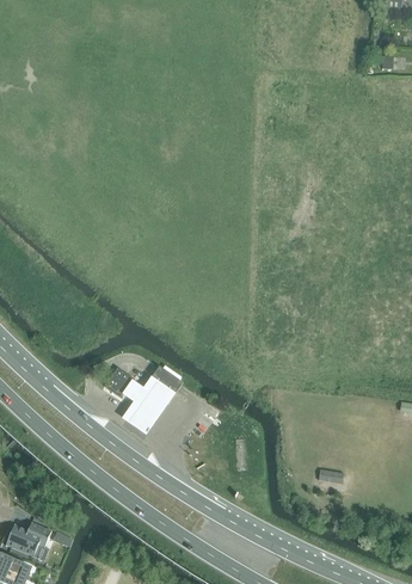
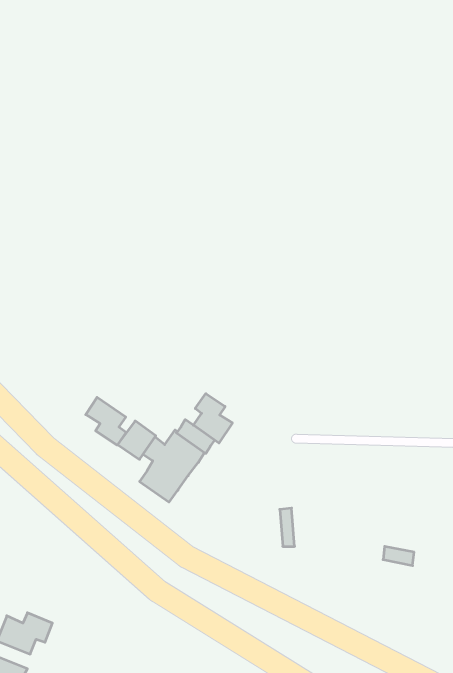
building: none -> [193,394,232,443]
building: none -> [86,397,126,445]

